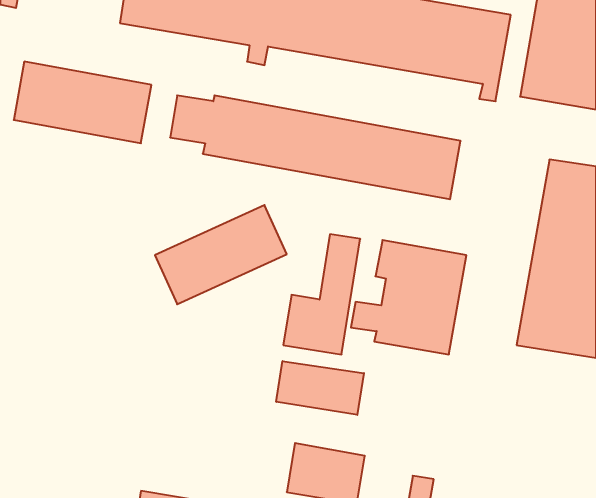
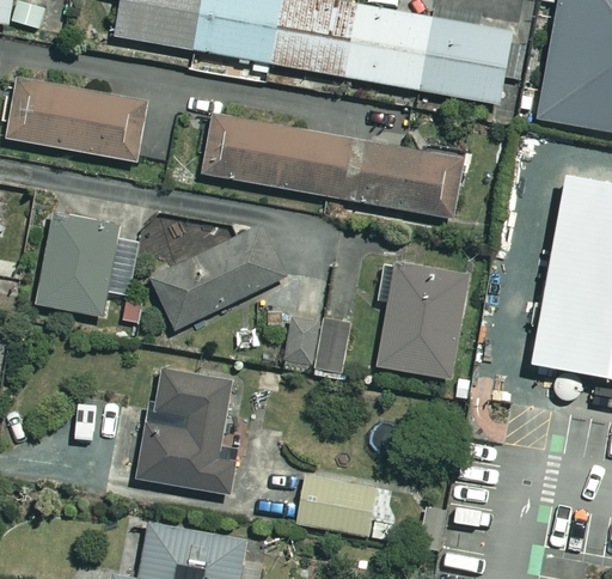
building: none -> [45,218,145,317]
building: none -> [133,364,235,490]
building: [276,361,364,415] -> none

